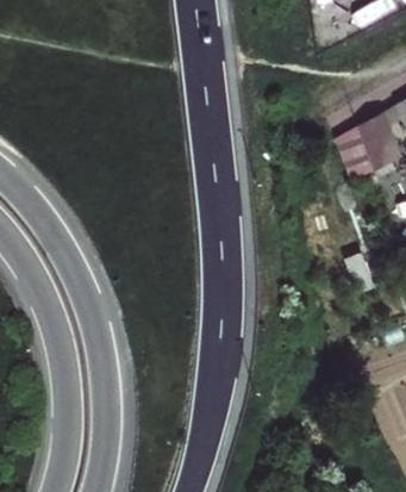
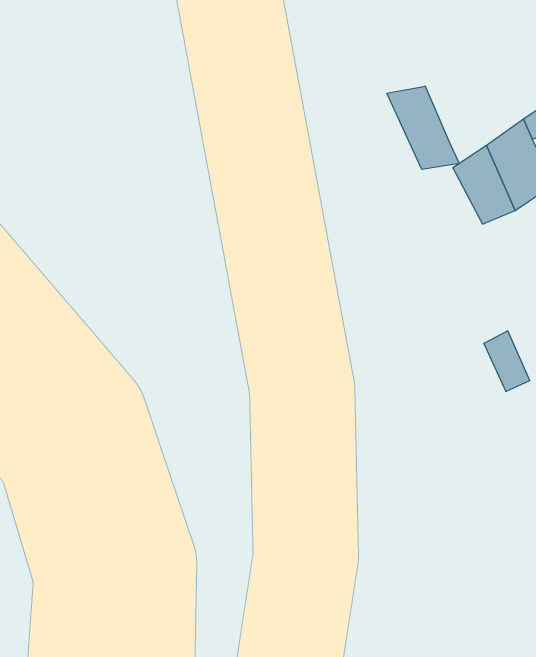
building: none -> [387,86,459,169]

